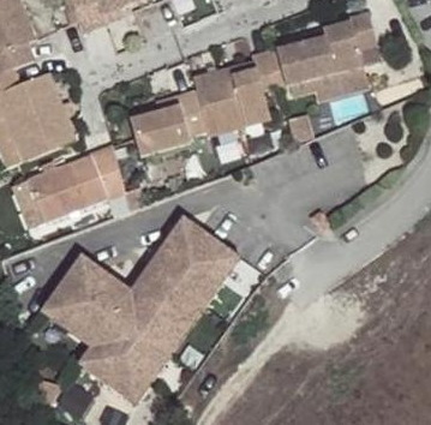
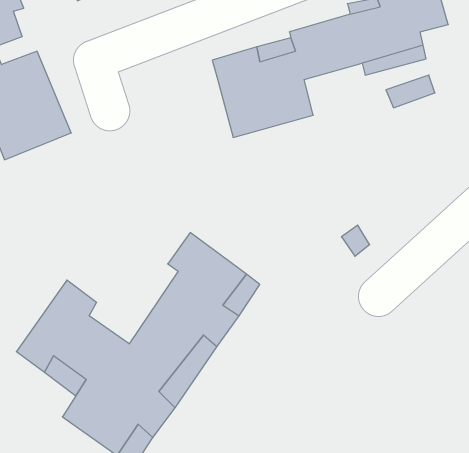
building: [131,91,206,154] -> none
building: [26,143,121,219] -> none
building: [94,243,166,307] -> none

